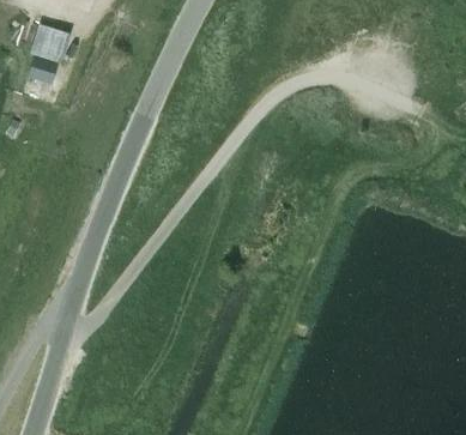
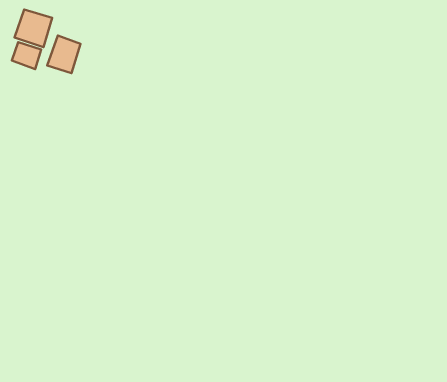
building: none -> [47,36,80,73]

